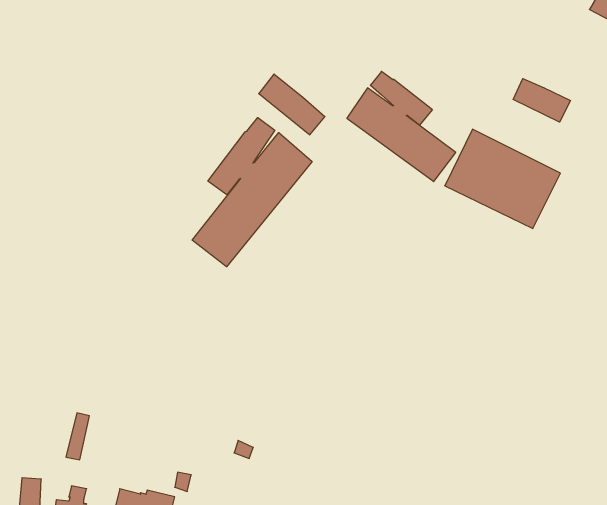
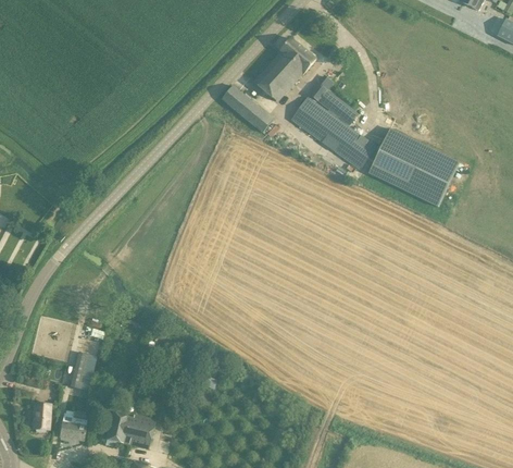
building: none -> [254,38,316,101]
building: [513,79,570,122] -> none
building: [192,118,312,267] -> none

